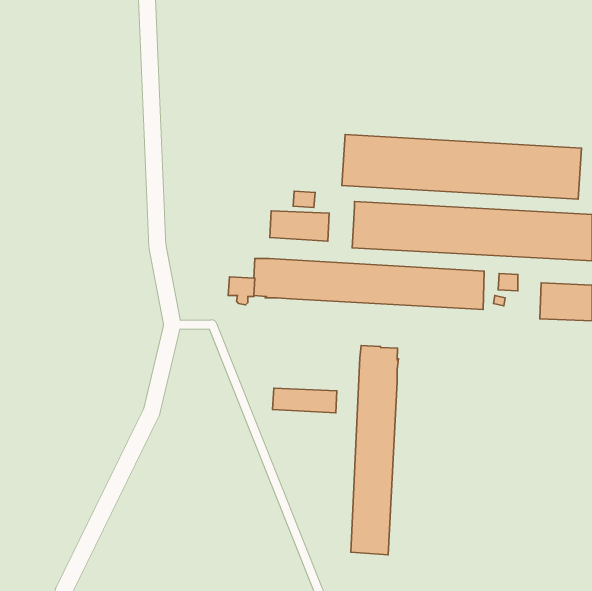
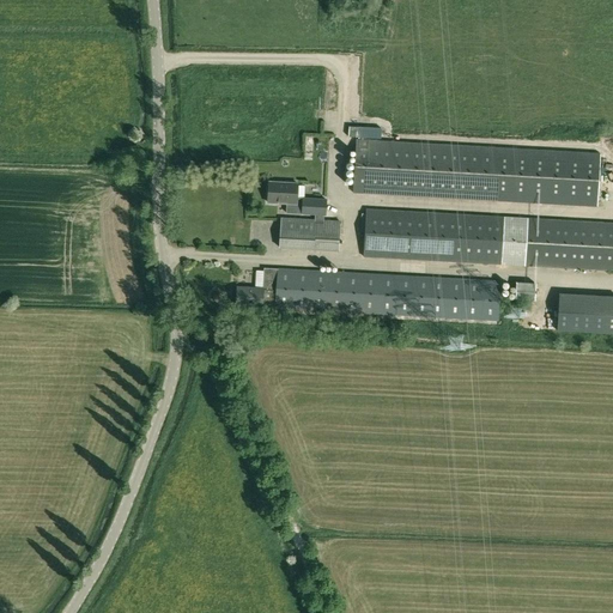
building: none -> [268,181,304,213]
building: [351,346,398,555] -> none
building: [273,388,337,413] -> none

